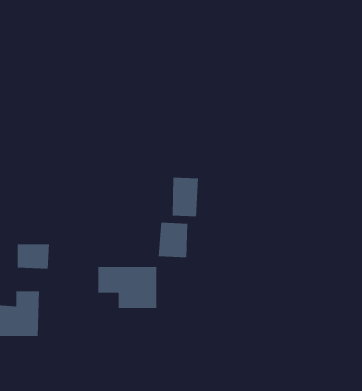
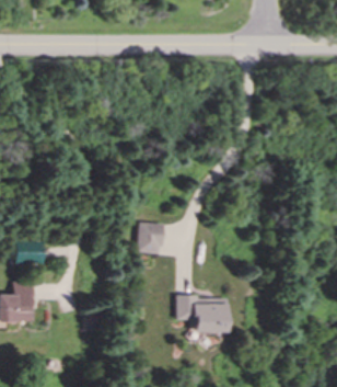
building: [172,177,199,217] -> none
building: [97,267,157,309] -> [177,296,229,332]

